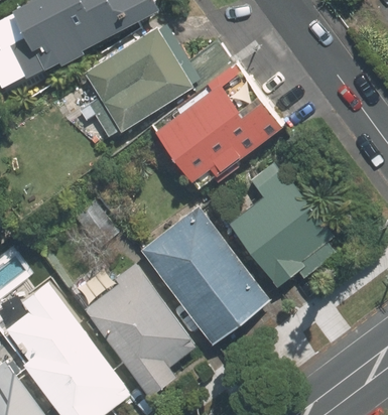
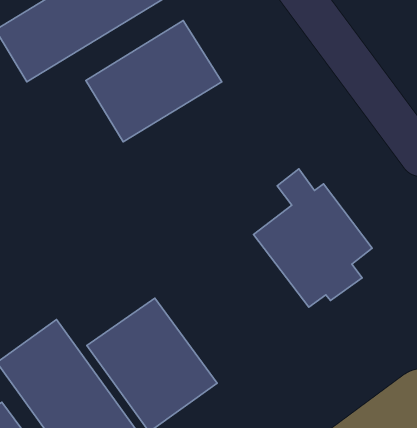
building: [155,63,278,177] -> none
building: [144,213,269,345] -> none

